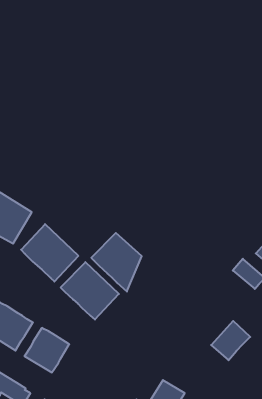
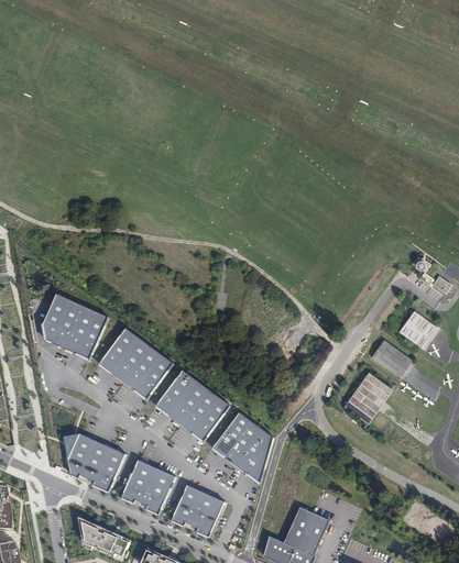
building: [91,233,142,292] -> [208,408,272,481]
building: [211,321,250,360] -> [343,372,392,422]
building: none -> [172,485,226,538]

